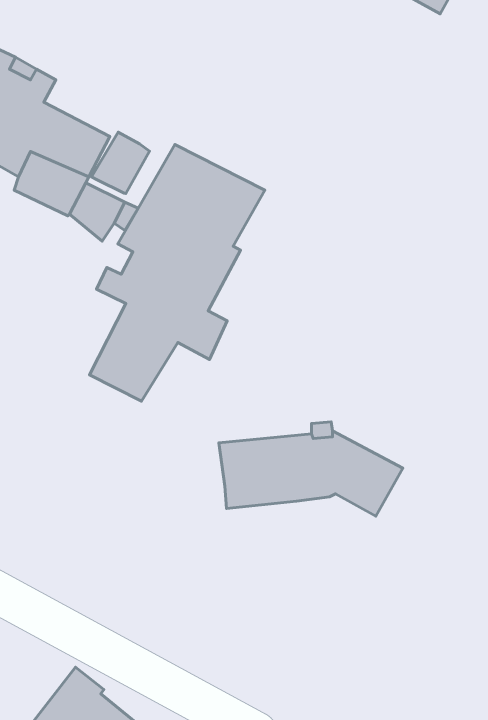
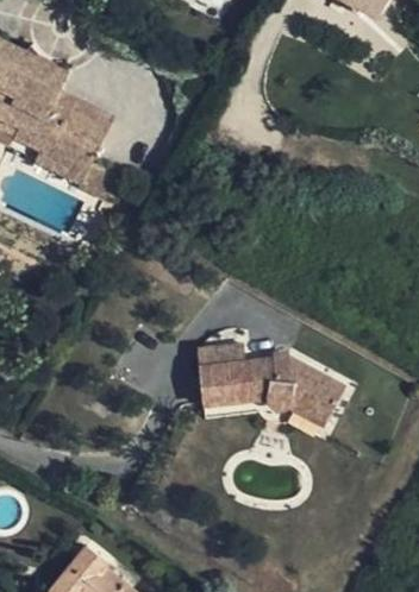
building: [91,132,149,194] -> none
building: [89,145,265,401] -> none

